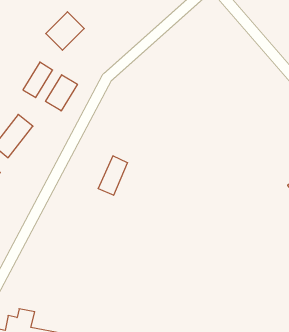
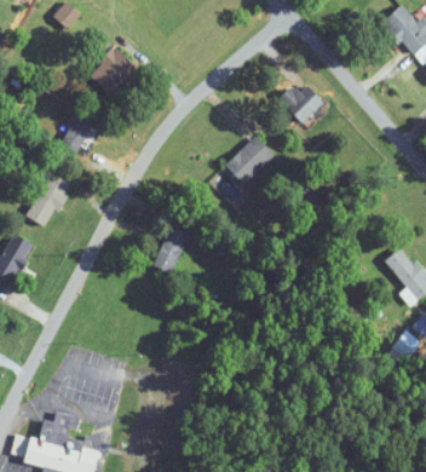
building: none -> [278,84,323,123]
building: [46,75,77,111] -> none
building: none -> [225,136,274,185]

